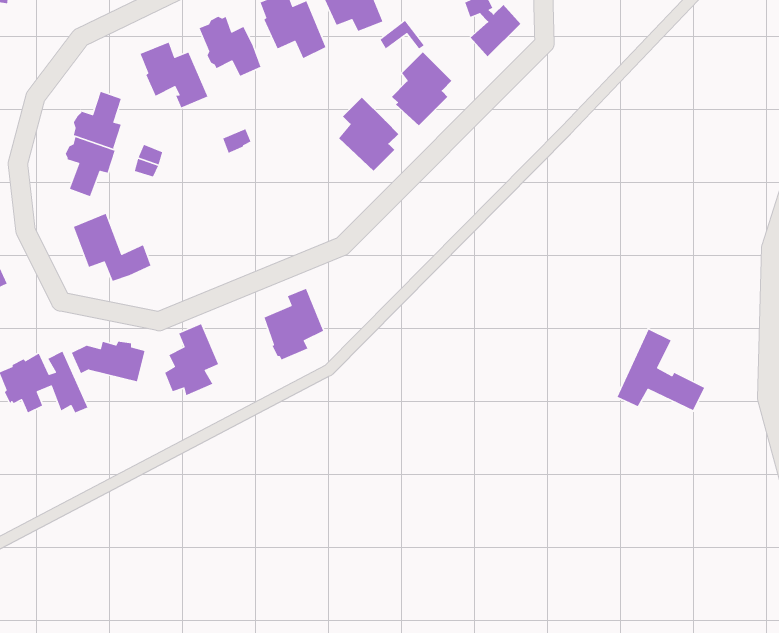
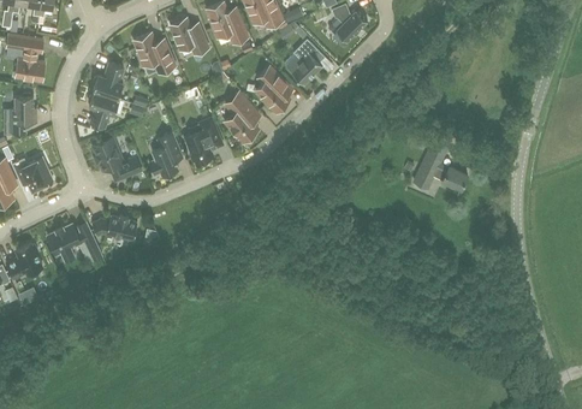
building: none -> [224,91,260,142]
building: [263,288,324,361] -> [185,118,222,162]
building: [164,323,219,396] -> [149,132,183,177]
building: [617,328,705,411] -> [414,140,468,190]

